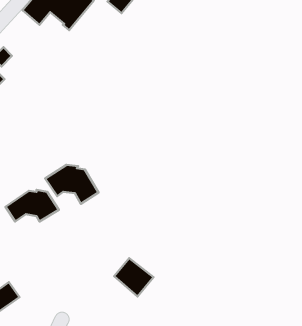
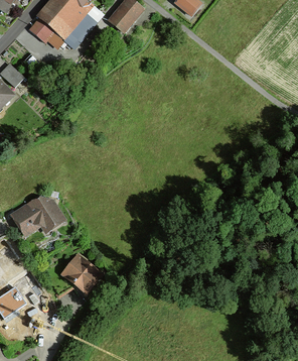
building: [45,165,98,204] -> none
building: [114,258,153,296] -> [63,255,101,291]

